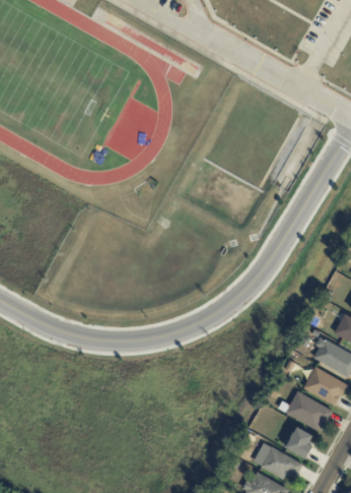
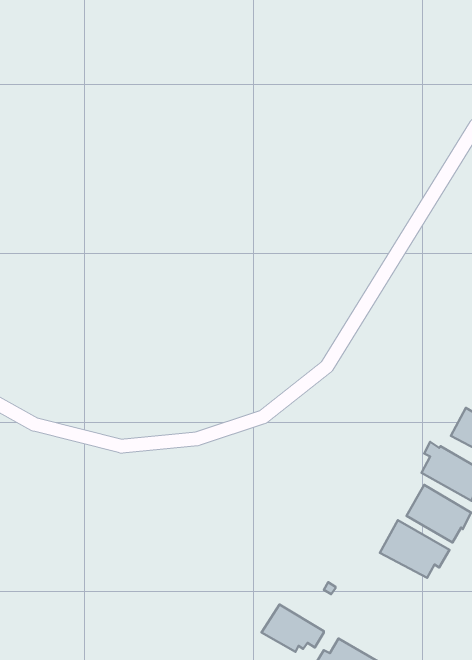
building: [283,427,313,459] -> none
building: [260,446,302,479] -> [262,605,324,652]

